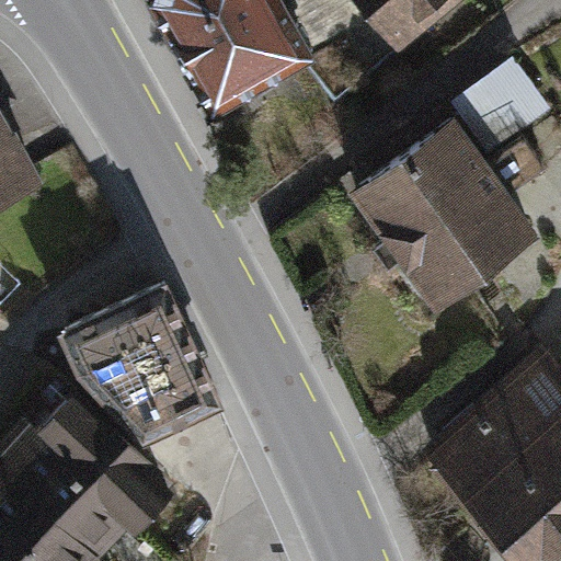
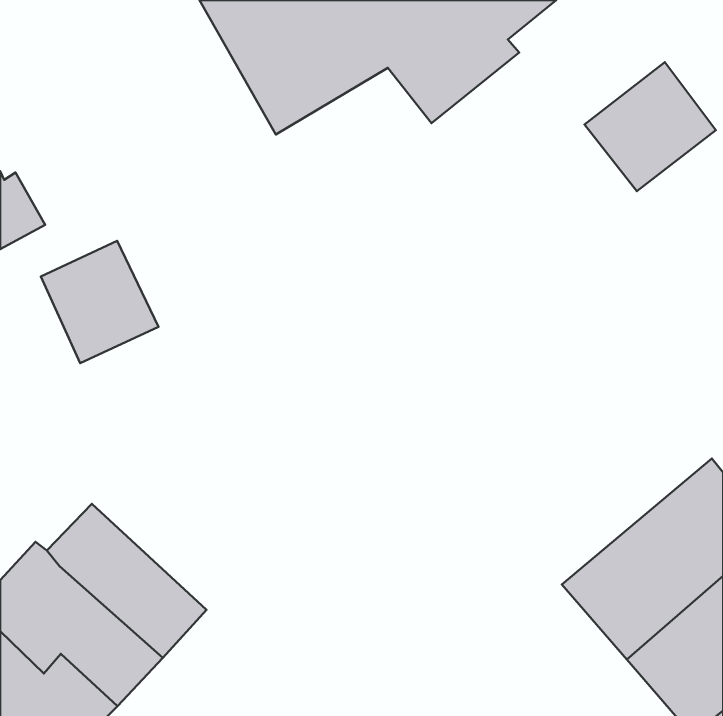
building: [359,123,543,297] -> none
building: none -> [41,241,158,363]
building: [65,286,218,436] -> none

